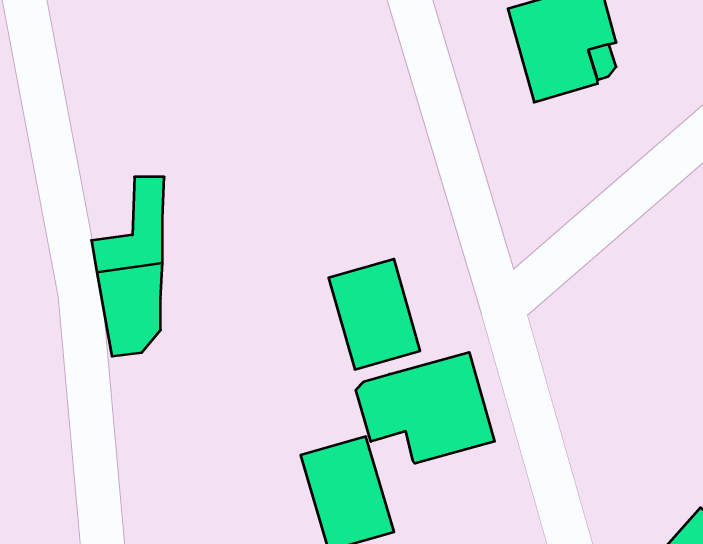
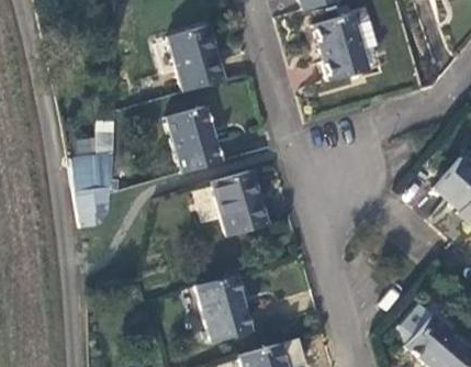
building: none -> [167,26,222,91]
building: none -> [166,107,221,174]
building: [356,352,495,463] -> none

